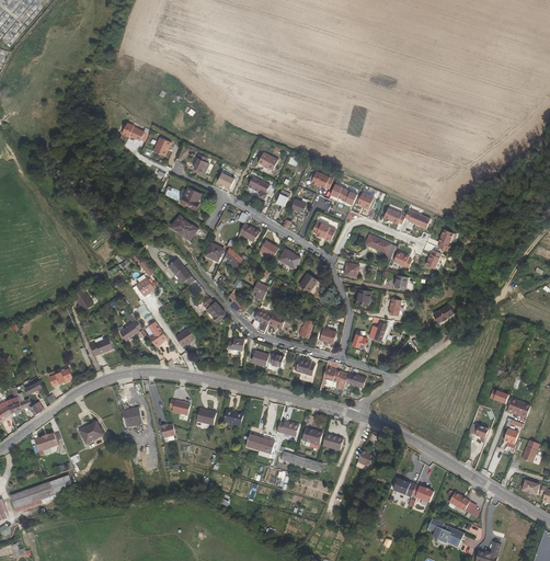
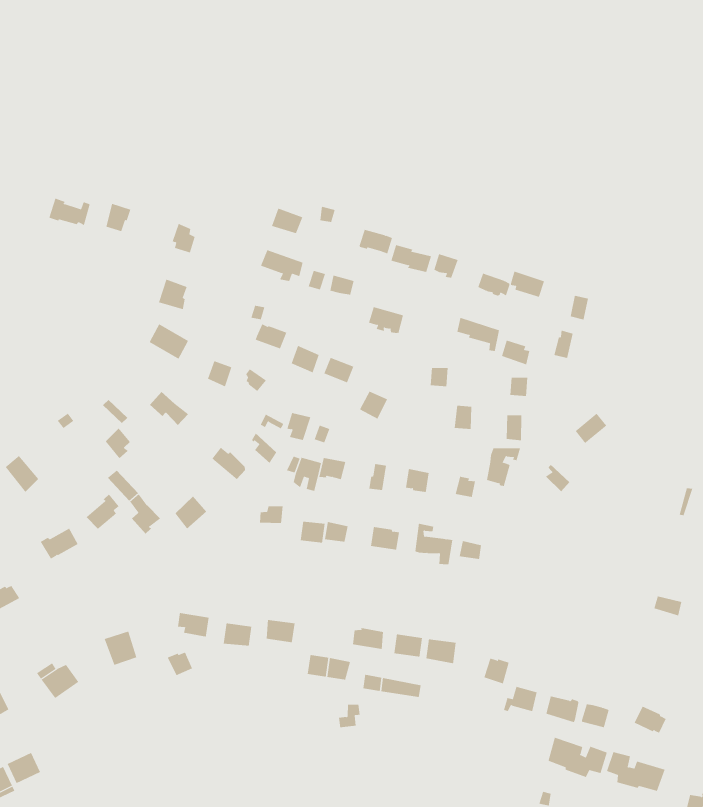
building: none -> [548,737,608,778]

